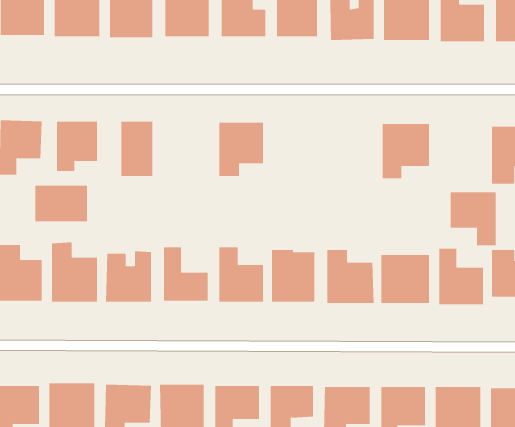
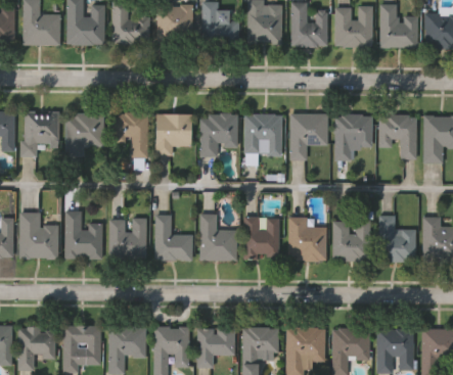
building: none -> [289,112,327,159]
building: none -> [156,113,192,155]
building: none -> [244,114,282,163]
building: [35,185,87,222] -> none
building: [450,192,496,246] -> [378,115,416,159]

